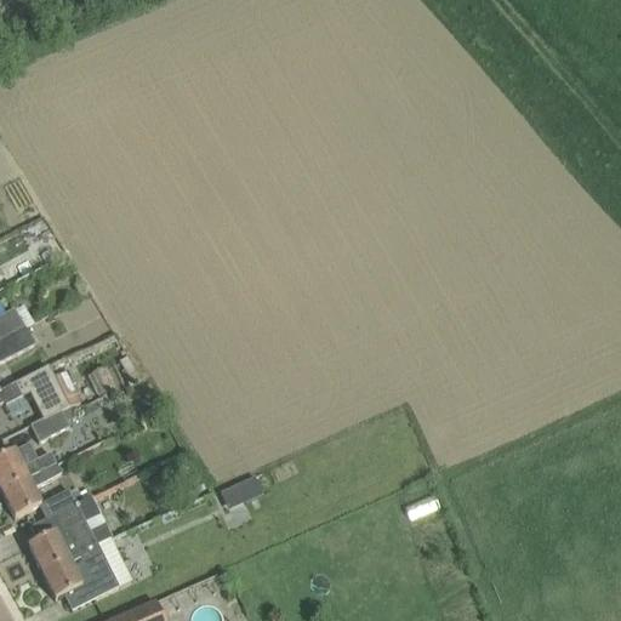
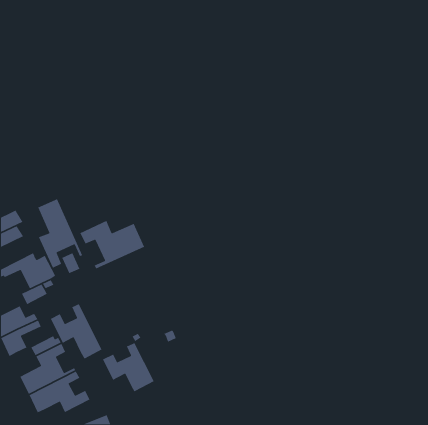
building: none -> [37,198,83,269]
building: none -> [79,220,145,270]
building: none -> [50,303,102,359]
building: none -> [102,342,155,392]

